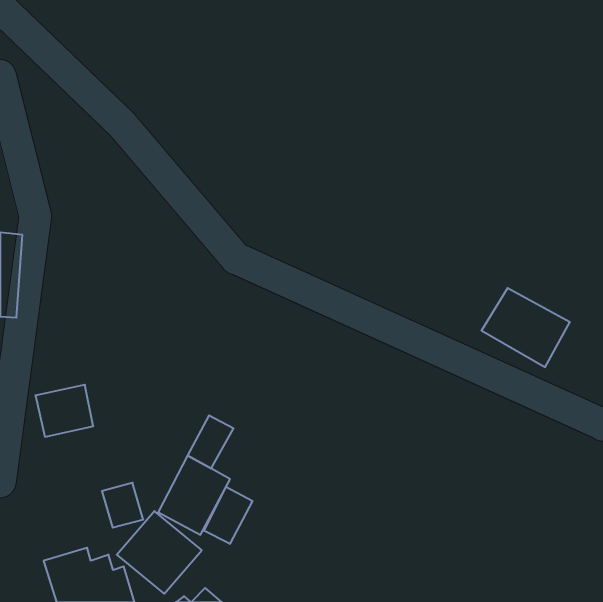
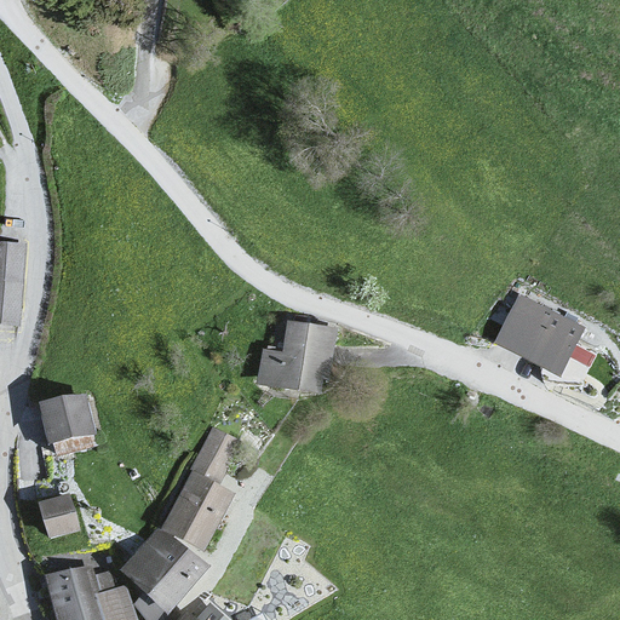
building: none -> [257,331,339,398]
building: [102,483,143,528] -> [39,492,81,538]
building: [204,487,252,544] -> none

